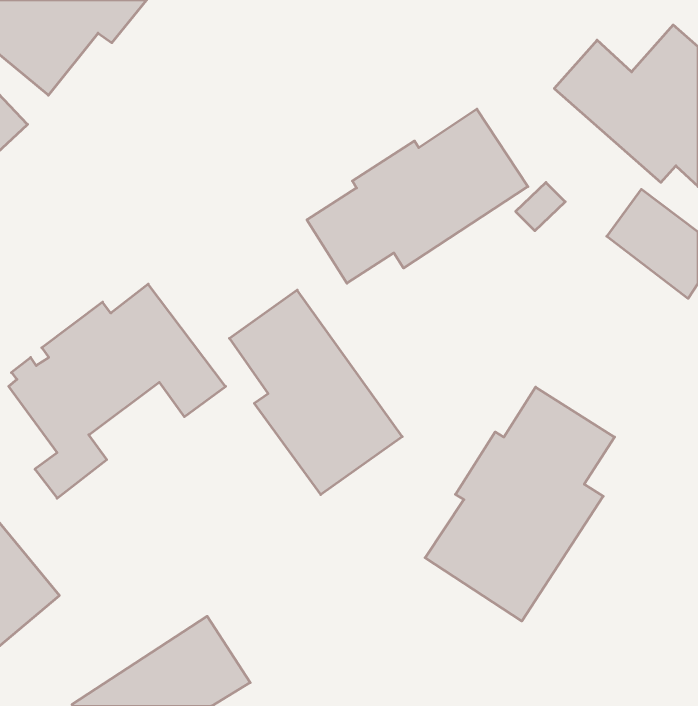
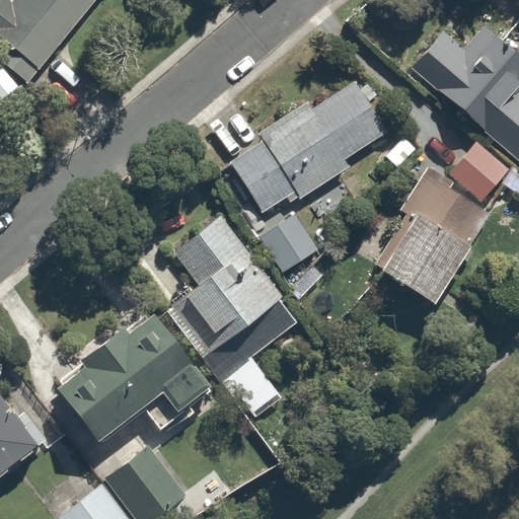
building: none -> [383,171,500,309]
building: [9,284,226,498] -> [58,314,217,471]
building: none -> [258,211,321,275]
building: [425,387,615,621] -> none

